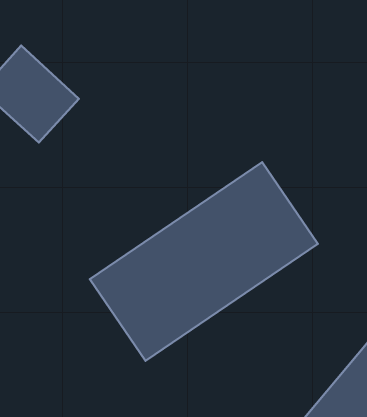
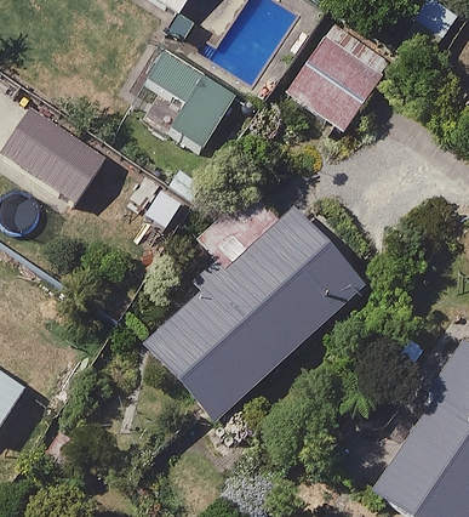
building: none -> [144,51,234,153]
building: none -> [285,38,379,130]

